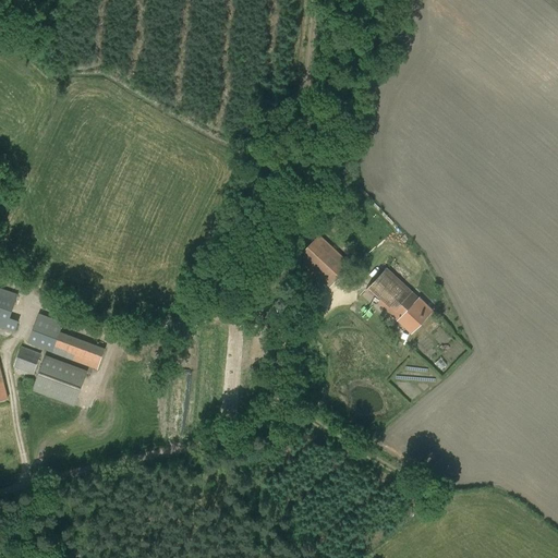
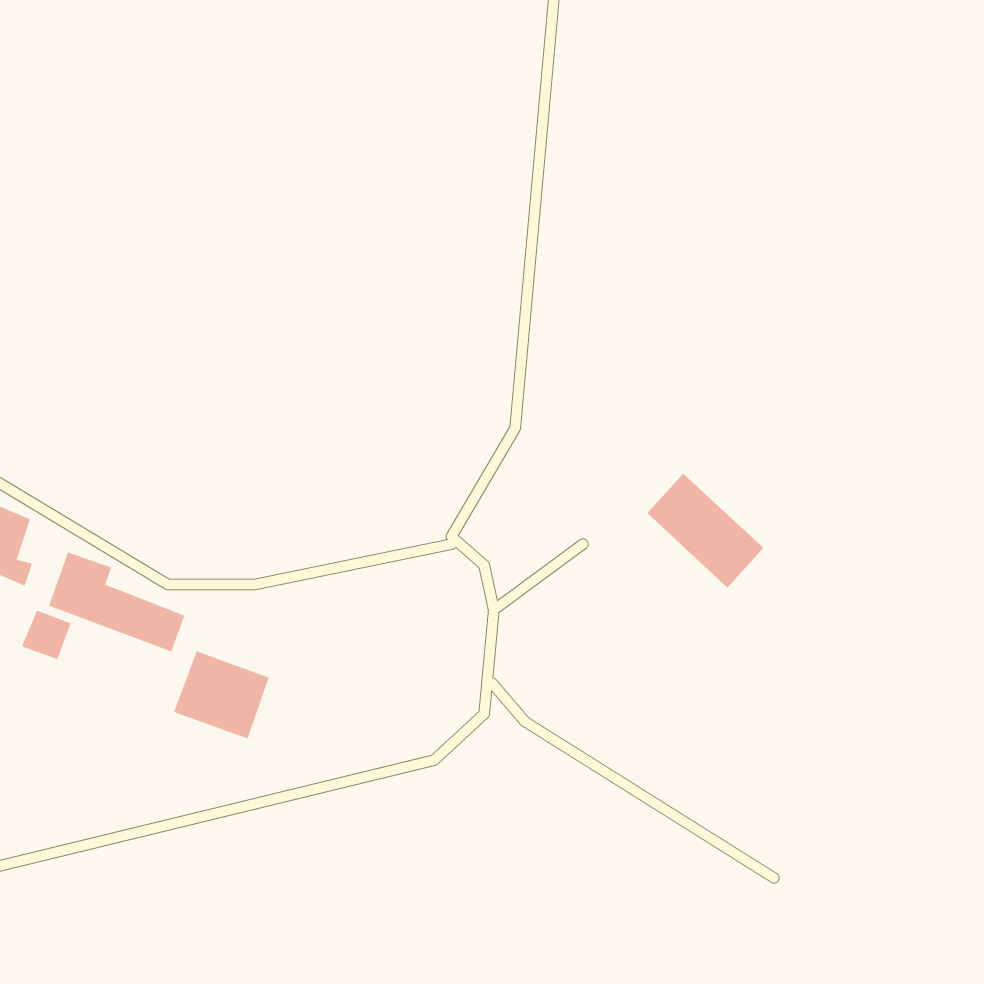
building: [296,233,351,287] -> none
building: [32,354,86,404] -> [173,651,270,739]

